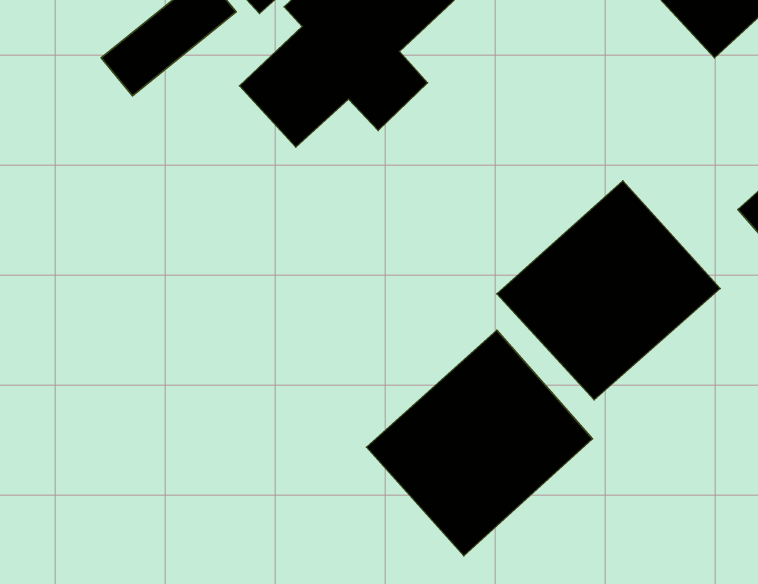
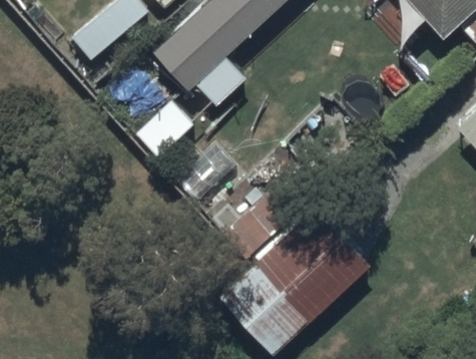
building: [497,181,720,400] -> none

